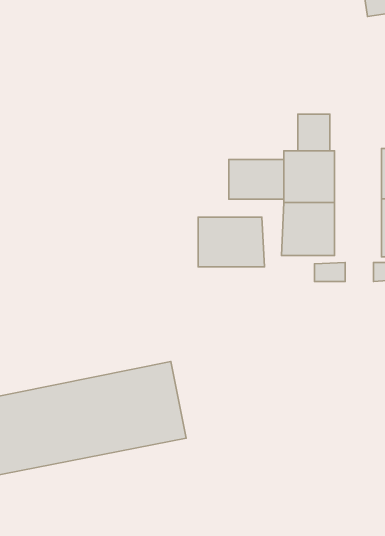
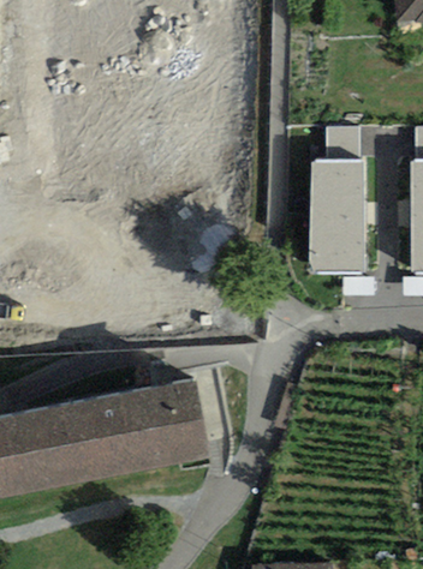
building: [229,159,284,199] -> none
building: [198,217,265,267] -> none

